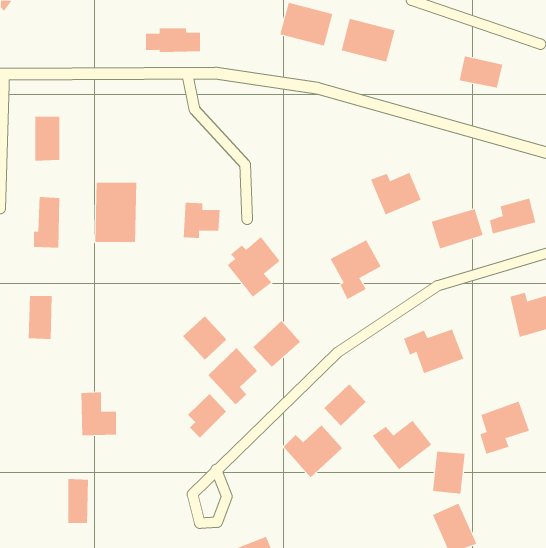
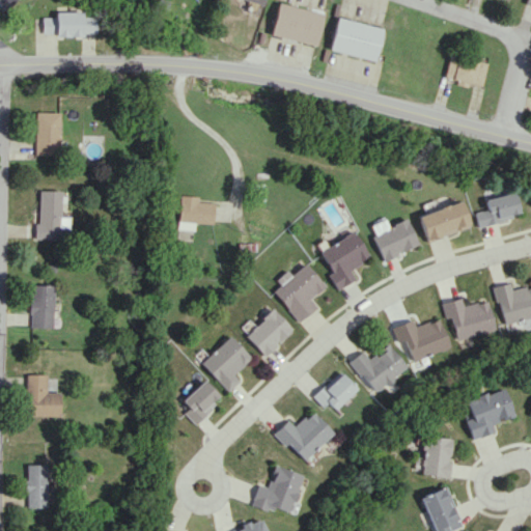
building: [145,28,201,52] -> [43,12,96,36]
building: [370,172,422,215] -> [370,219,420,260]
building: [95,182,137,243] -> none
building: [227,236,281,297] -> [275,263,327,323]
building: none -> [443,299,496,340]
building: [182,316,227,361] -> none
building: [80,392,117,436] -> [26,374,61,417]
building: [372,420,432,470] -> [350,345,408,394]
building: [67,478,89,524] -> [27,465,48,508]
building: none -> [252,466,305,516]

